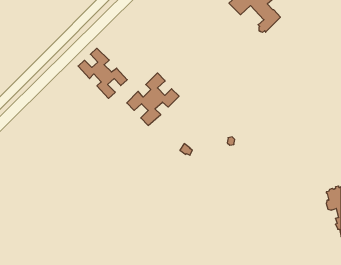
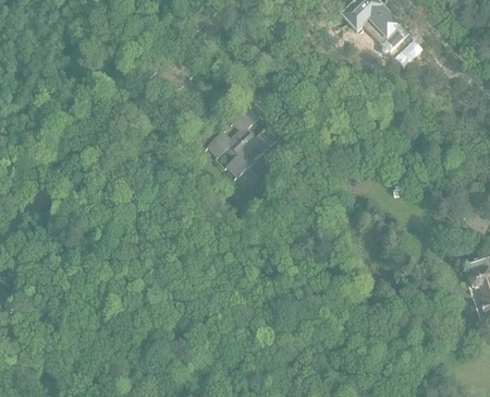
building: [78,48,127,98] -> none

